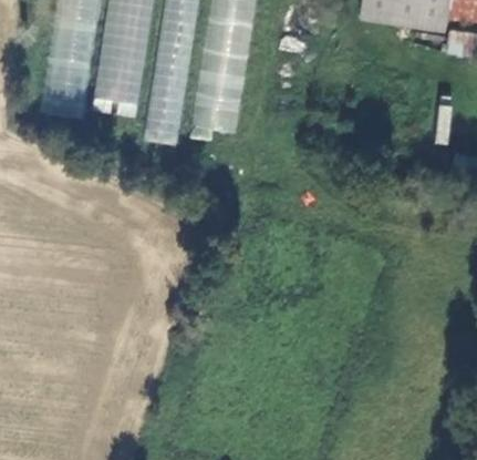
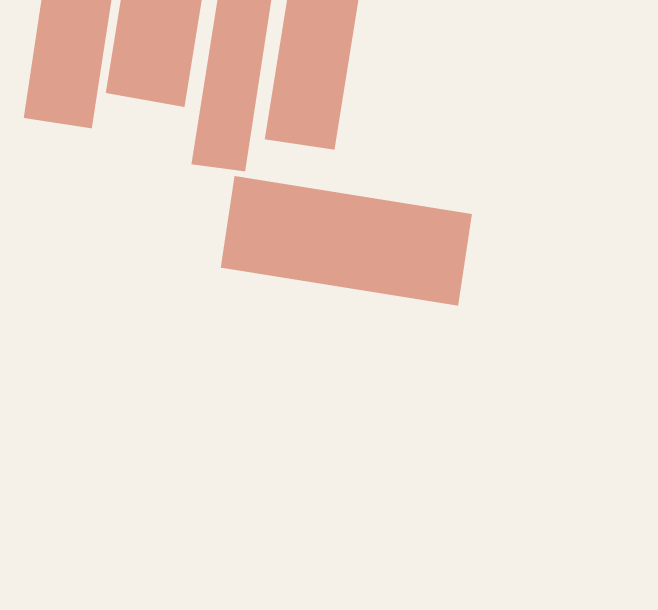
building: none -> [220,175,473,307]

